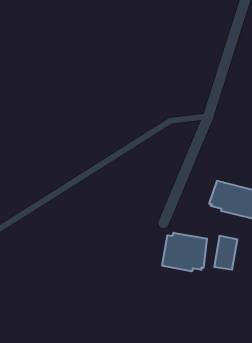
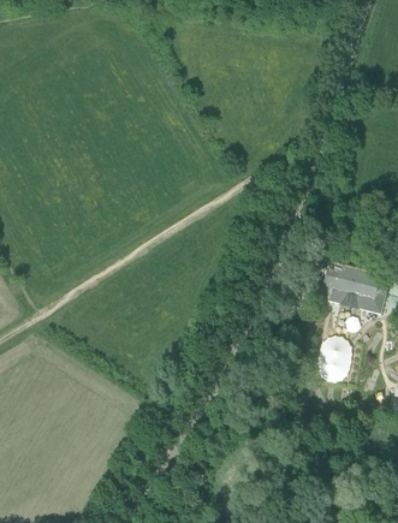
building: [162,233,207,271] -> none

